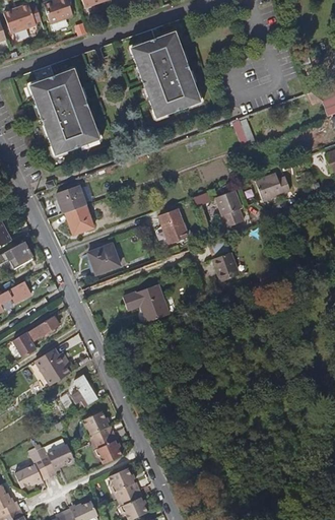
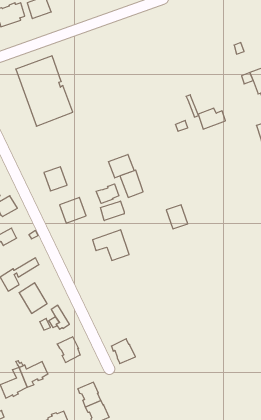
building: [132,31,201,118] -> none
building: [257,175,290,200] -> [198,108,225,129]
building: [56,185,85,213] -> none
building: [216,190,244,226] -> none
building: none -> [109,154,134,178]
building: none -> [96,184,119,203]
building: none -> [101,201,124,221]
building: [91,436,121,466] -> [111,339,135,364]

